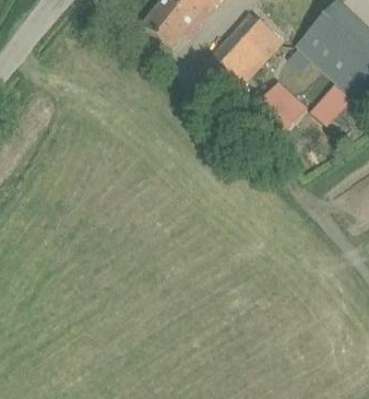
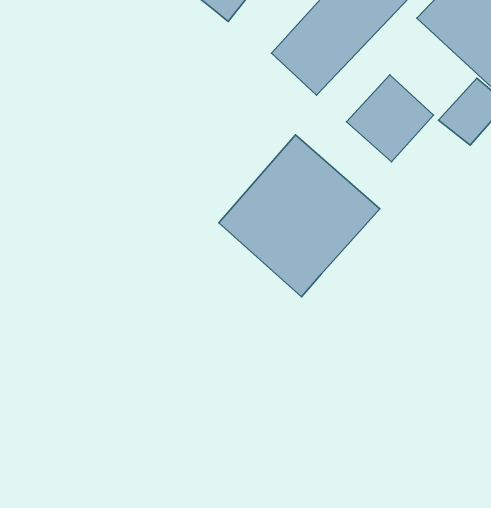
building: none -> [219,135,380,297]

